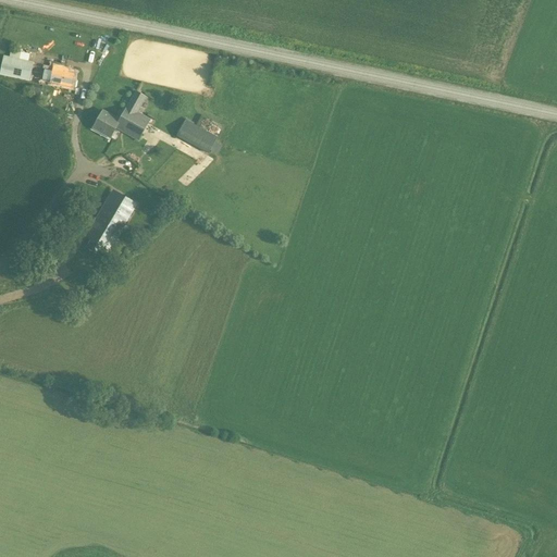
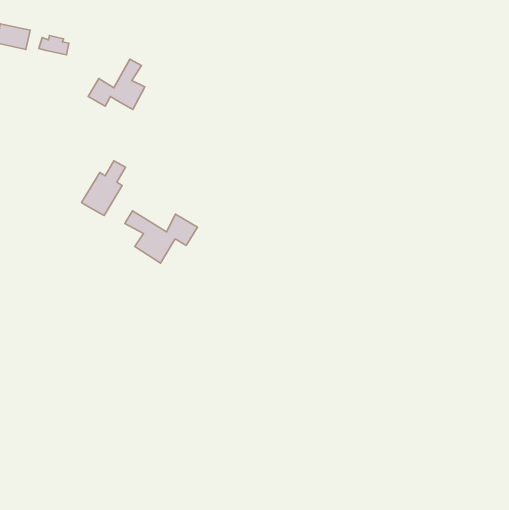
building: [176,117,218,152] -> none
building: none -> [125,211,198,263]

